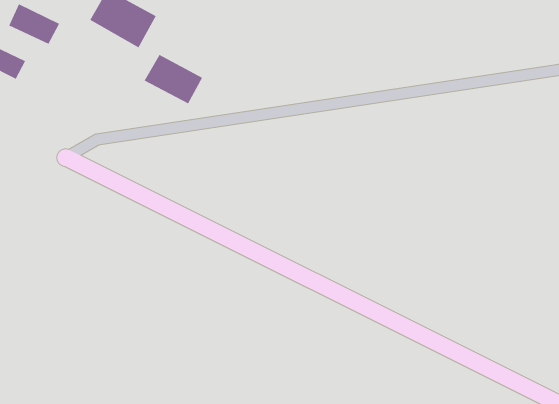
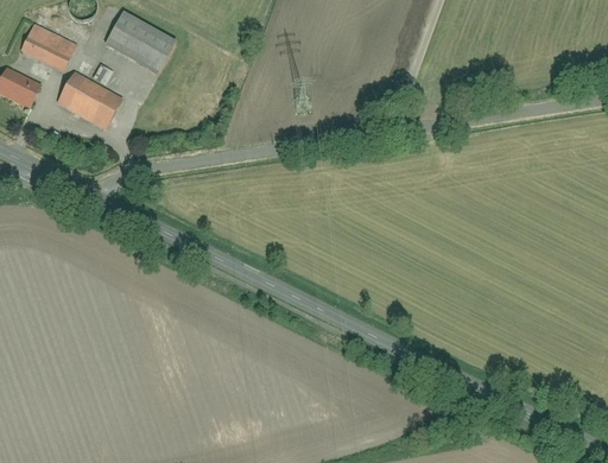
building: [144,54,203,104] -> [58,72,121,126]

